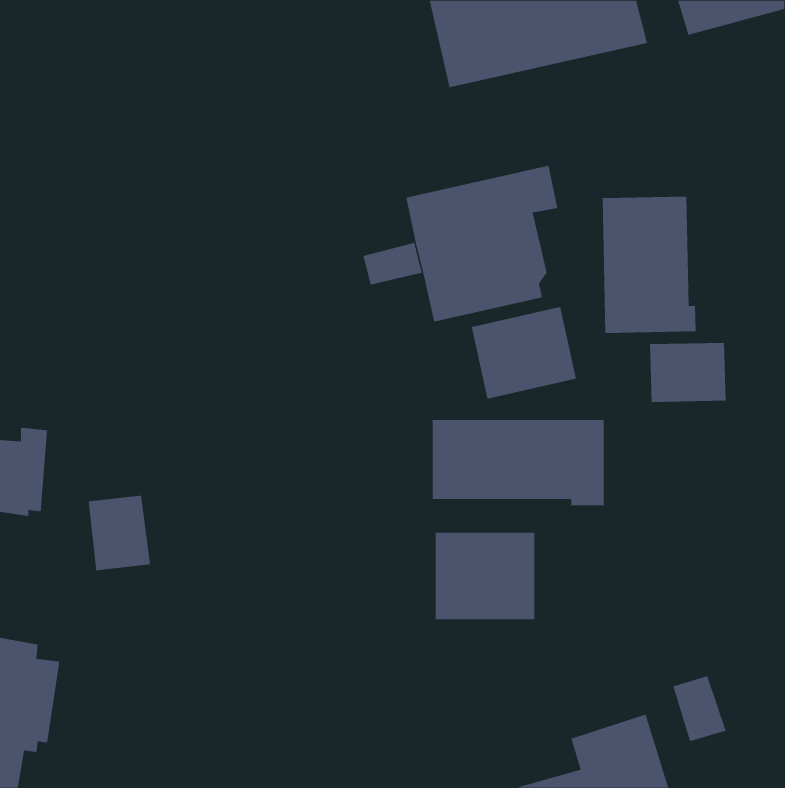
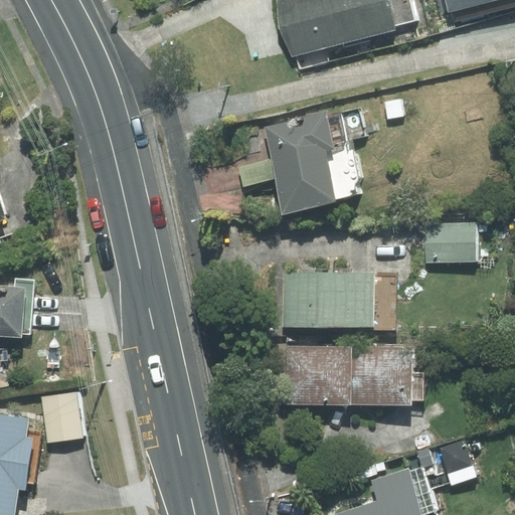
building: [602,196,696,334] -> none
building: [471,306,576,399] -> none
building: [88,495,151,571] -> [41,391,82,441]
building: none -> [349,347,421,404]

